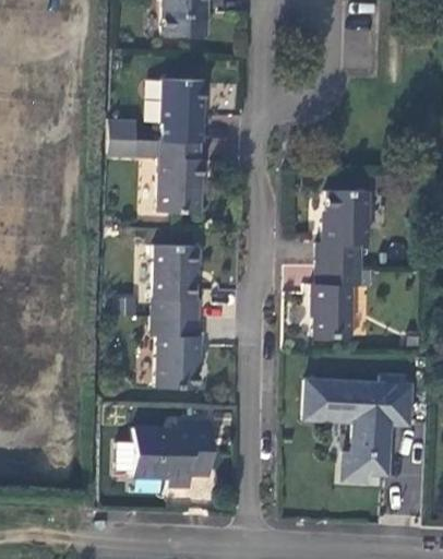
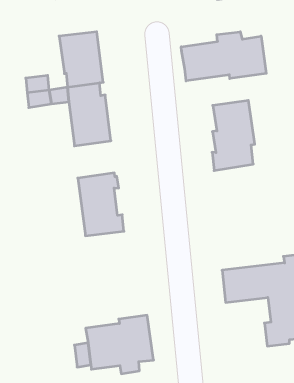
building: none -> [181,32,266,81]
building: [308,264,362,333] -> none
building: [153,316,202,385] -> none

